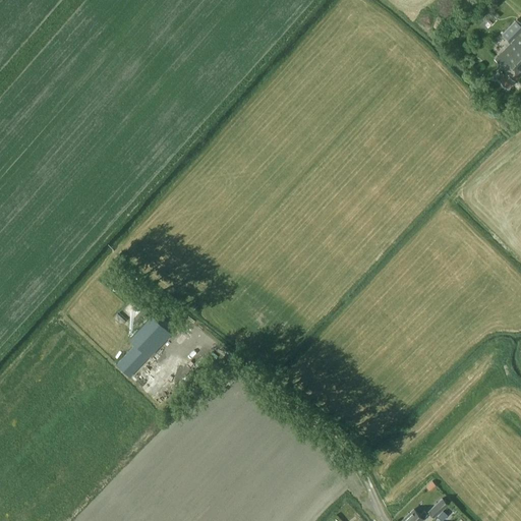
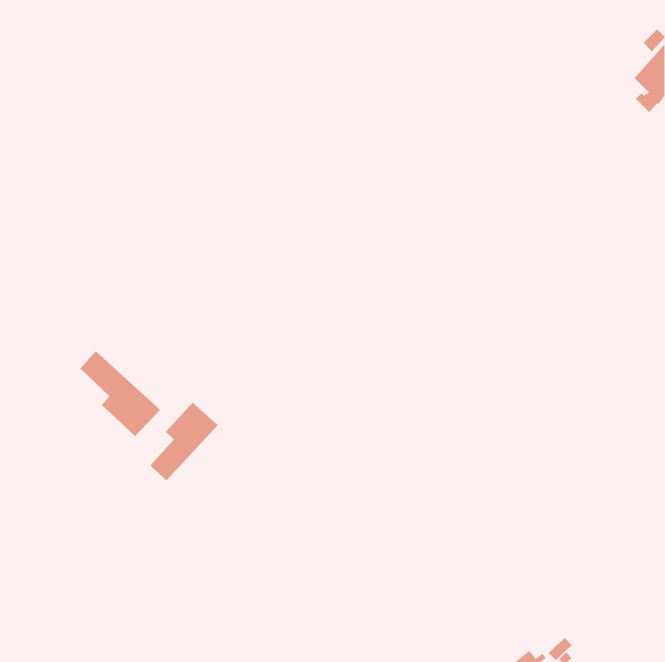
building: none -> [79,351,161,437]

